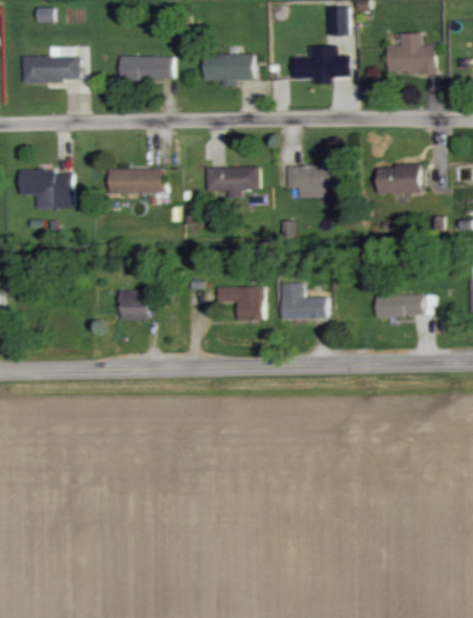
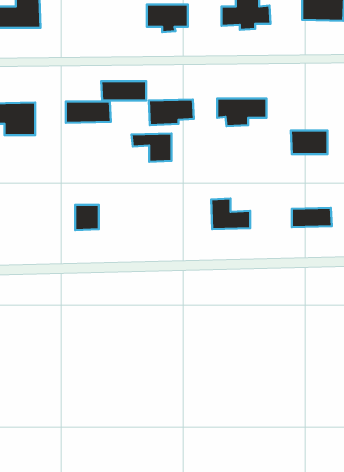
building: [119,57,173,80] -> [101,81,146,100]
building: [378,165,421,193] -> [291,131,328,154]
building: [216,287,263,321] -> [132,133,172,162]

